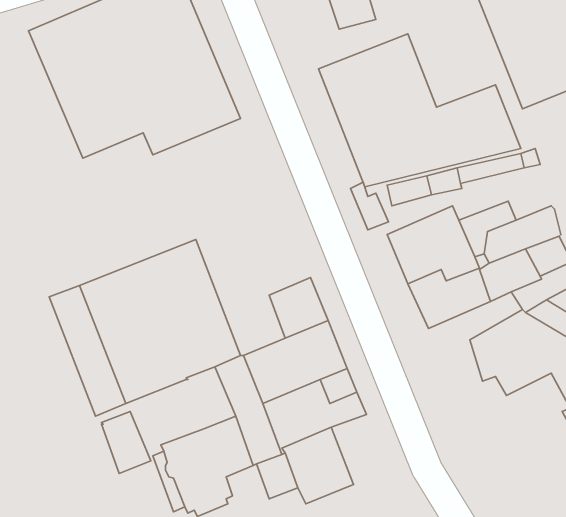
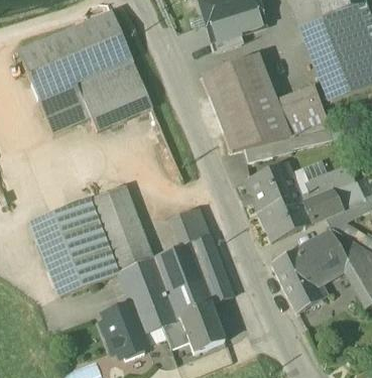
building: none -> [272,247,329,312]
building: [102,411,151,474] -> [119,264,150,303]

